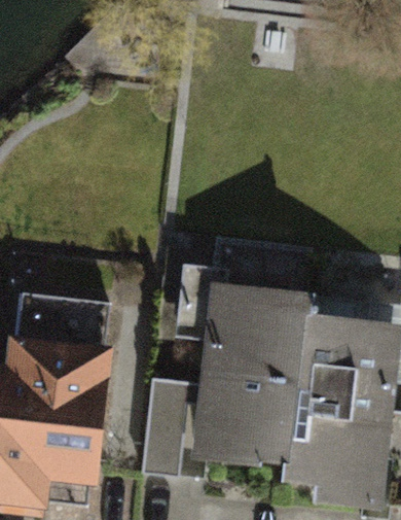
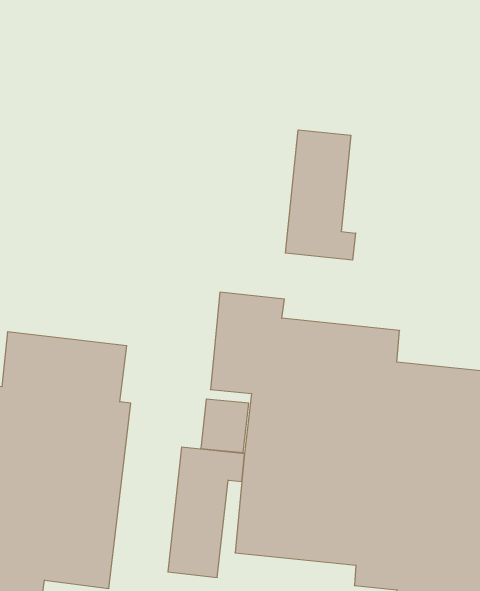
building: none -> [286,130,356,260]

